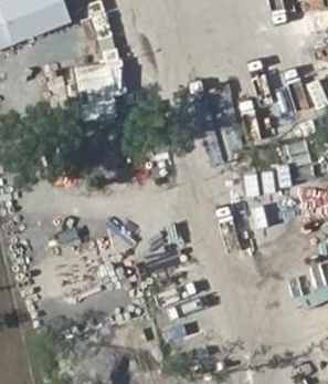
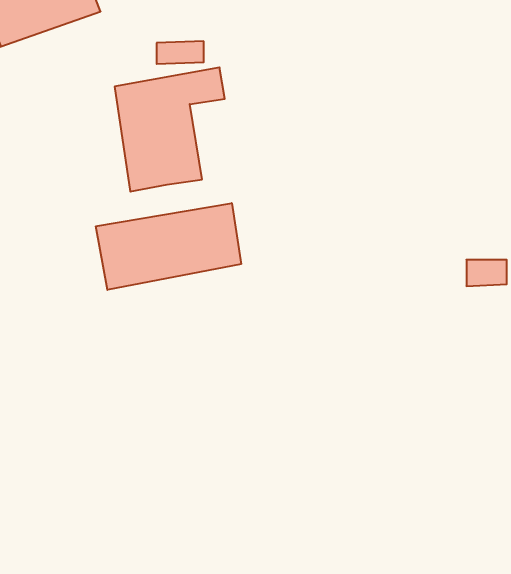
building: none -> [96,203,241,290]

